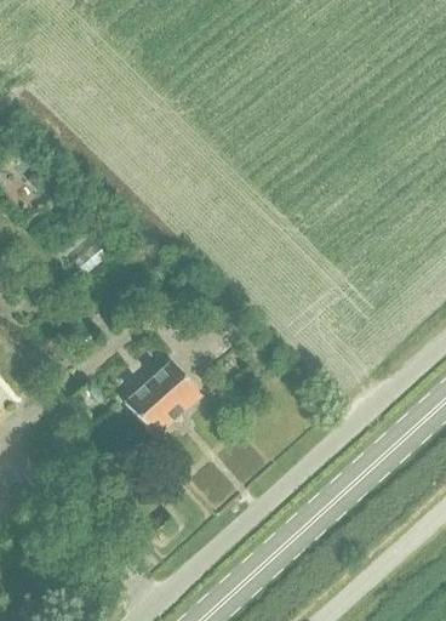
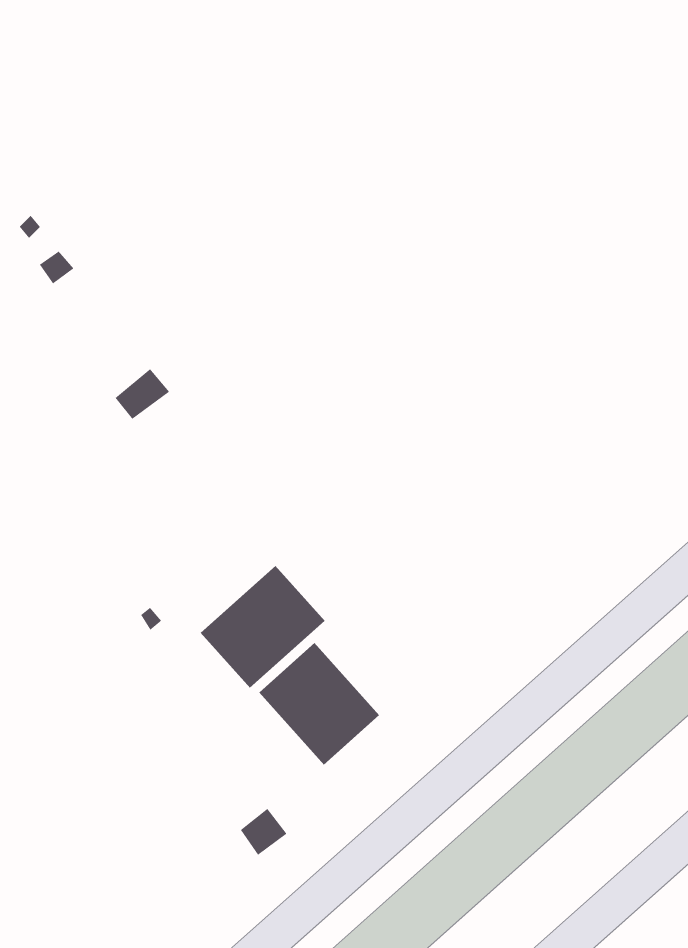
building: none -> [258,642,380,765]

